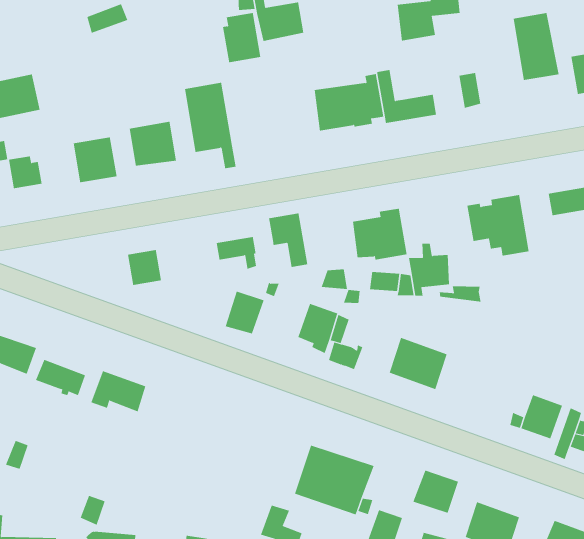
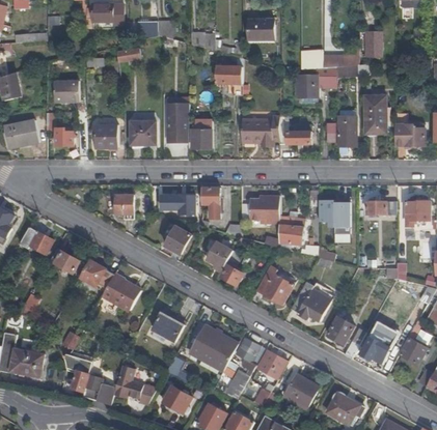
building: [222,13,261,63] -> [191,121,211,148]
building: none -> [338,116,355,146]
building: none -> [290,281,333,321]
building: none -> [102,273,140,310]
building: none -> [152,312,183,341]
building: none -> [236,337,266,372]

